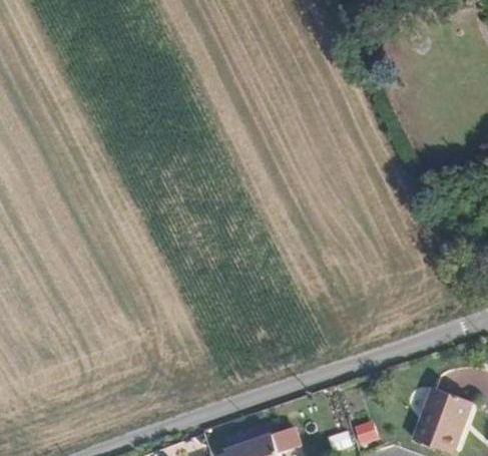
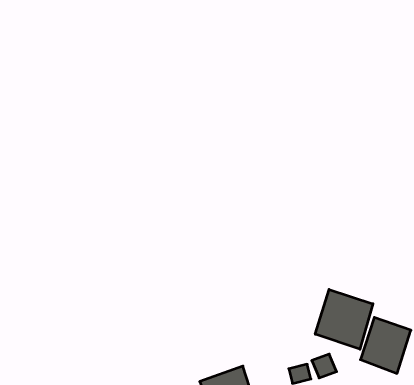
building: none -> [315,289,373,349]

